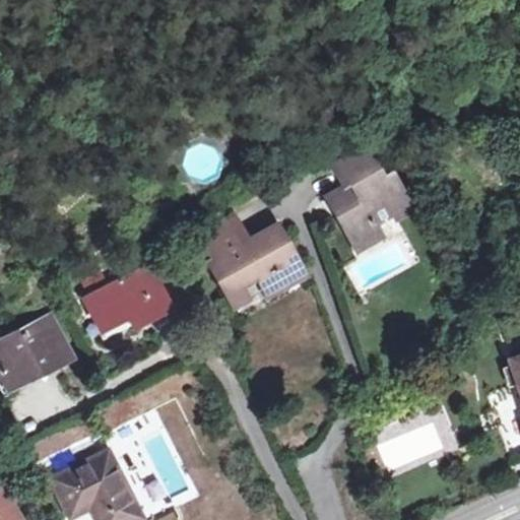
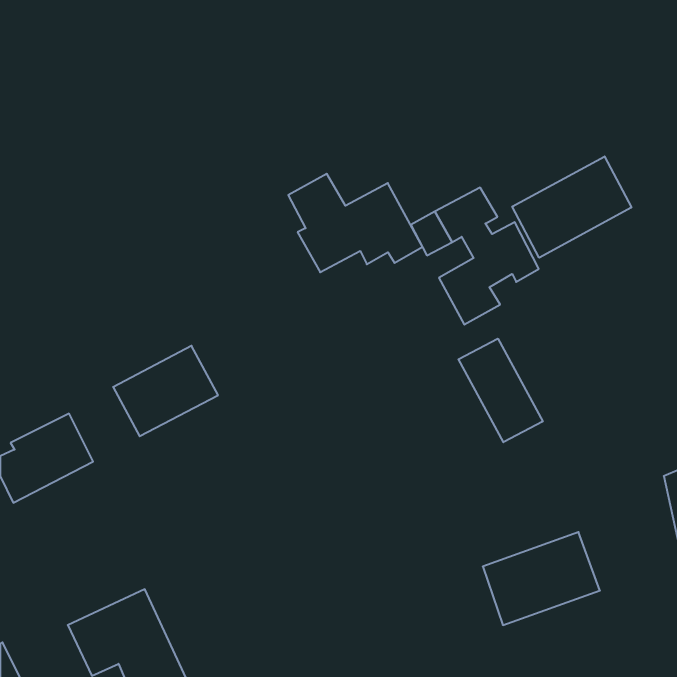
building: none -> [512,156,631,258]
building: [202,217,305,292] -> [288,174,423,272]
building: none -> [458,339,543,442]

